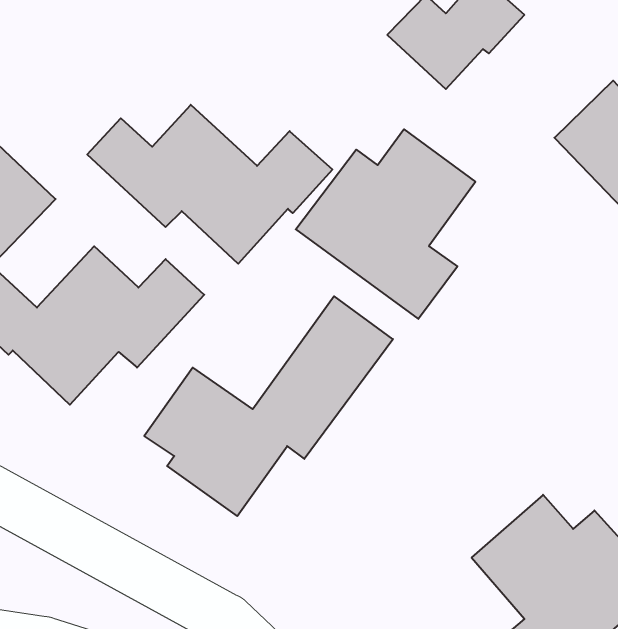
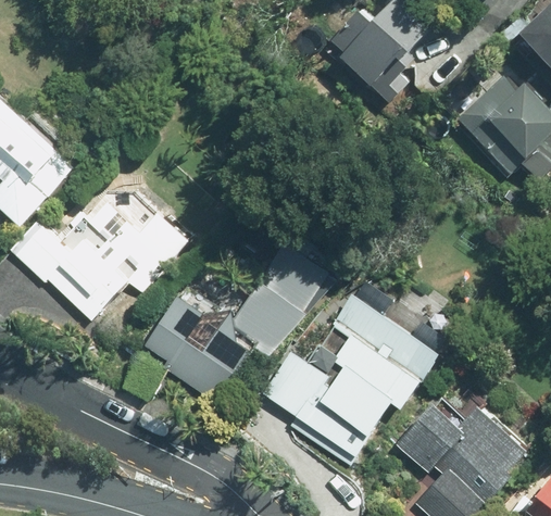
building: [87,105,332,264] -> none
building: [296,129,475,319] -> none
building: none -> [272,281,430,456]

